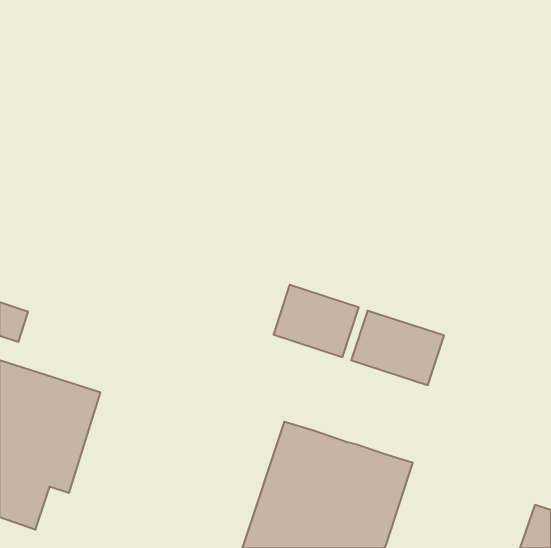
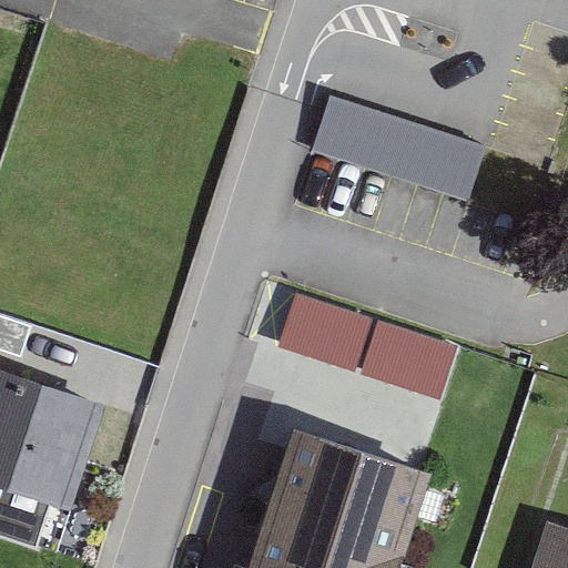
building: none -> [313,99,485,201]

